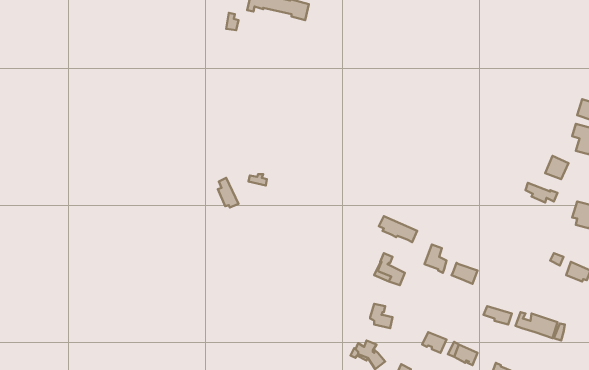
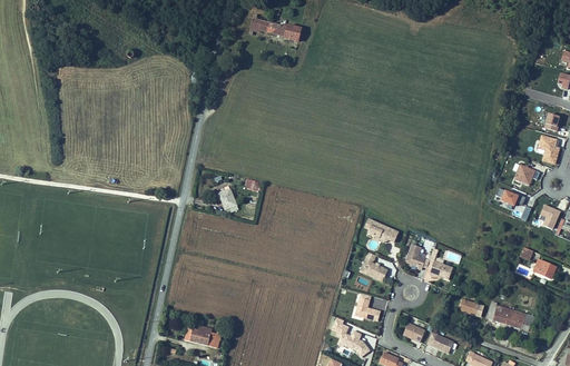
building: none -> [188,325,223,345]

